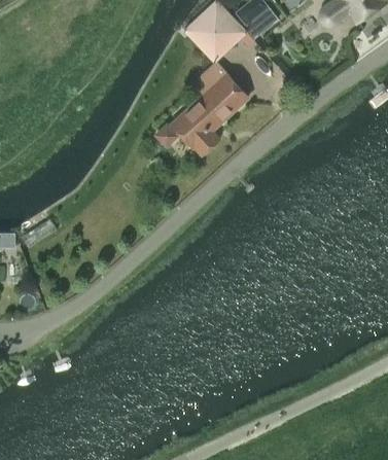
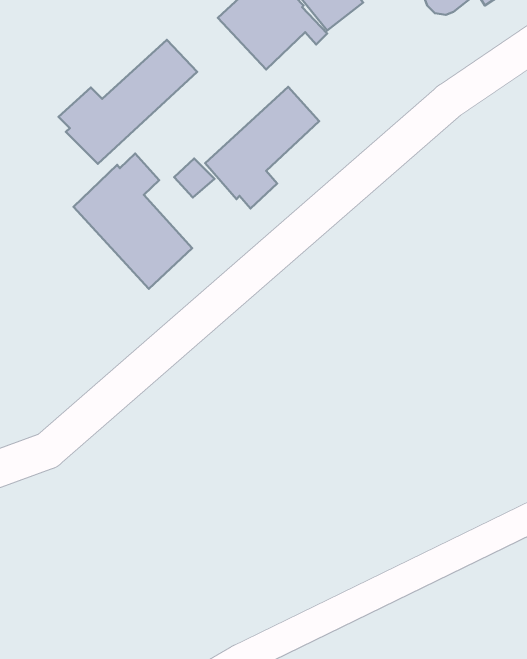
building: none -> [59,40,197,164]
building: none -> [73,153,192,289]

